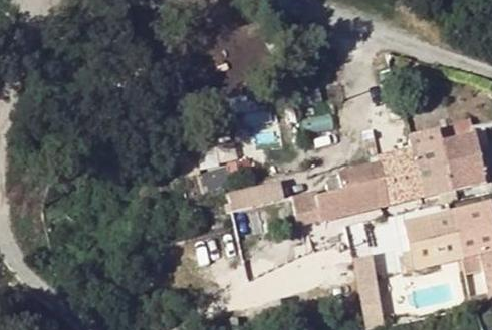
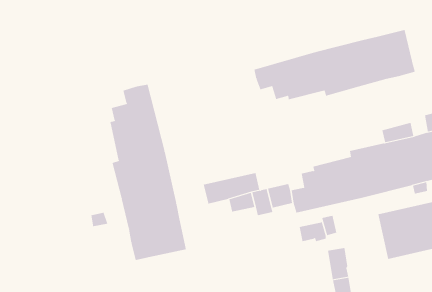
building: none -> [254,29,415,100]
building: none -> [110,84,186,261]

